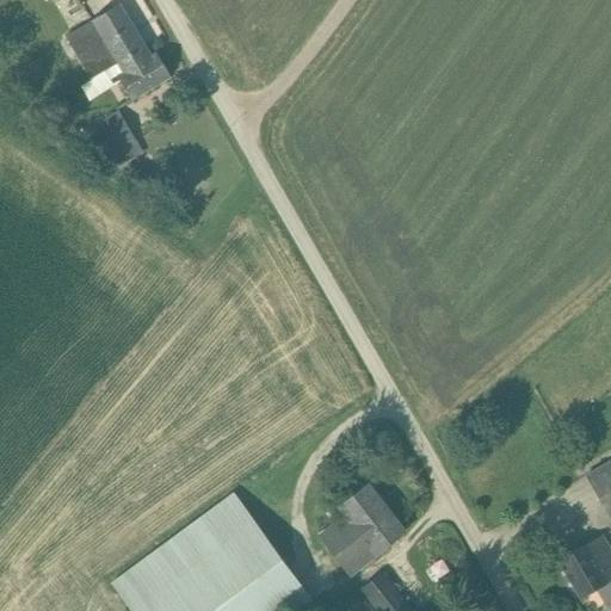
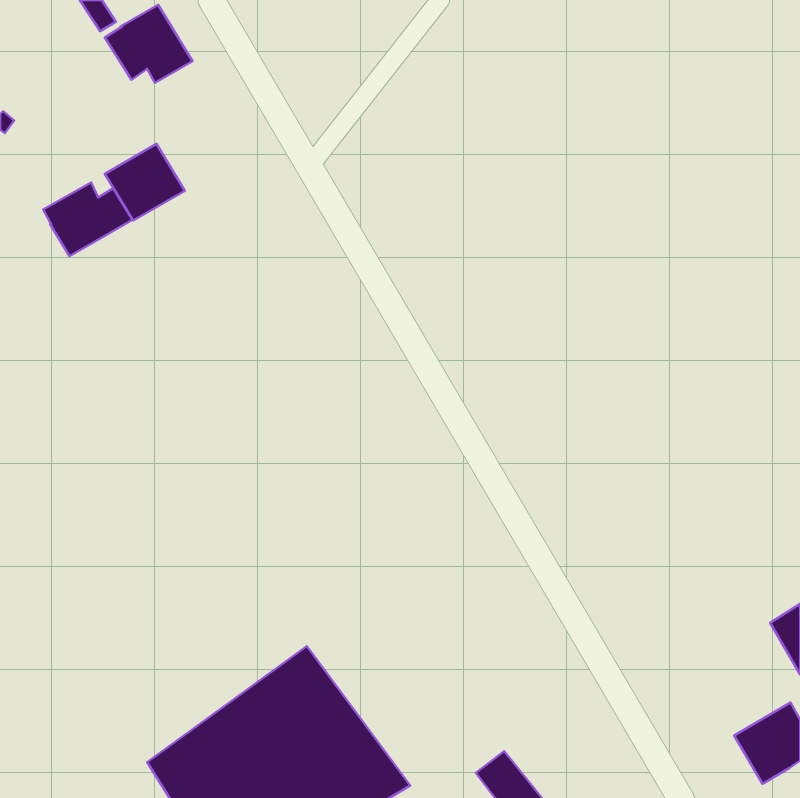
building: [118,48,171,100] -> none
building: none -> [43,183,133,256]
building: [320,487,403,575] -> none

